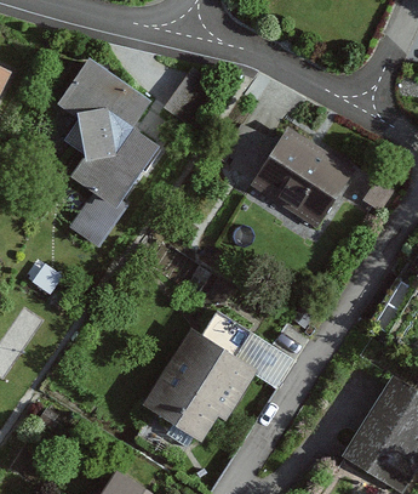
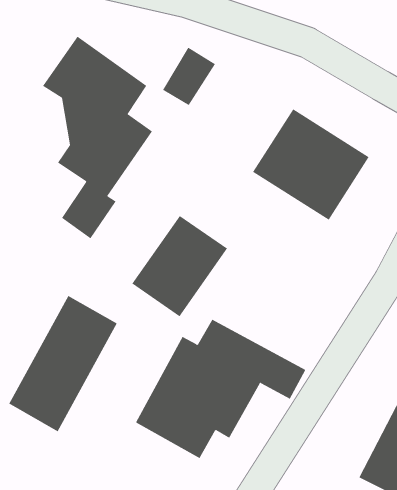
building: none -> [132,215,228,317]
building: none -> [9,295,117,432]

